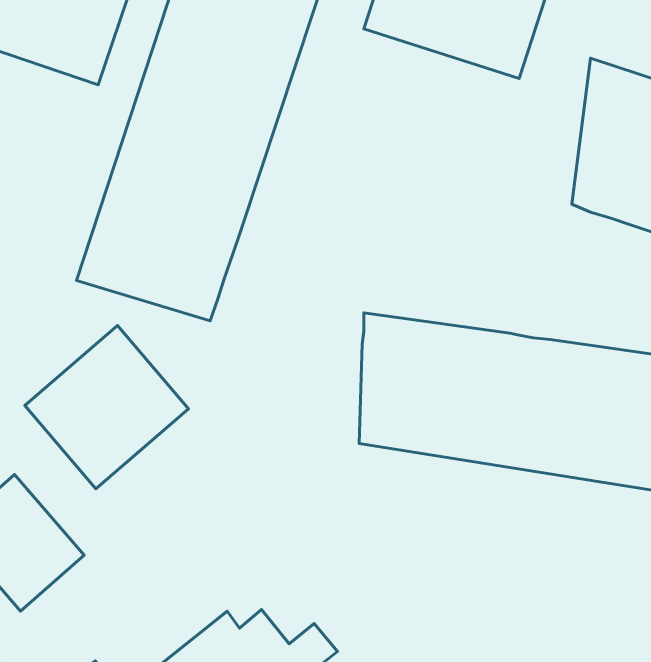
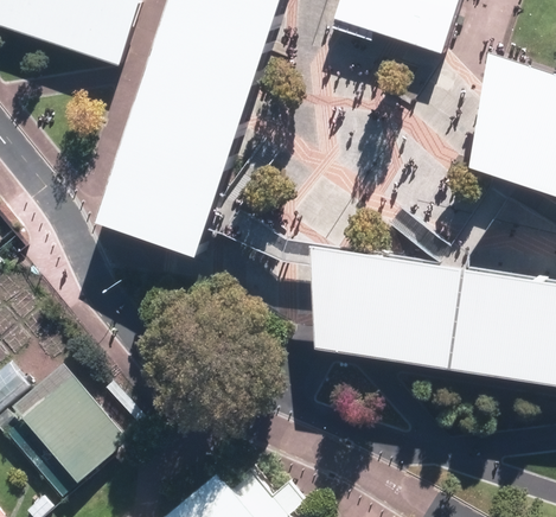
building: [25,326,188,489] -> none

